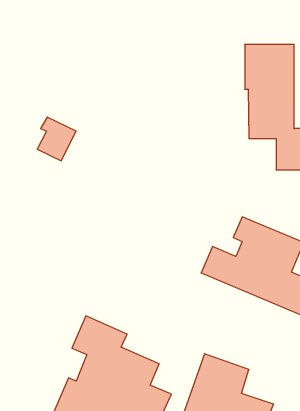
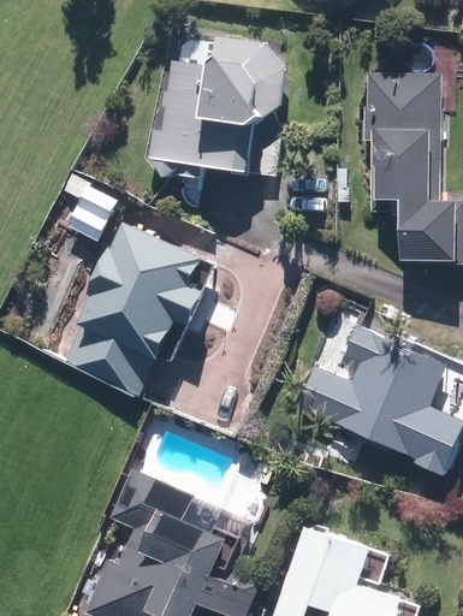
building: none -> [149,37,291,170]
building: none -> [65,221,208,395]

